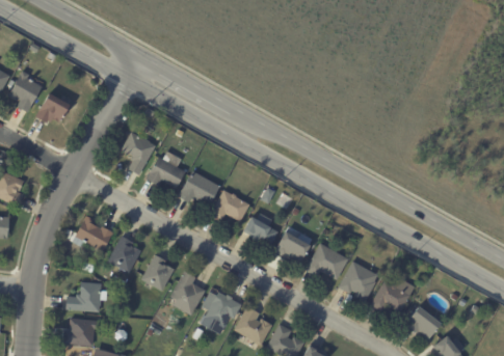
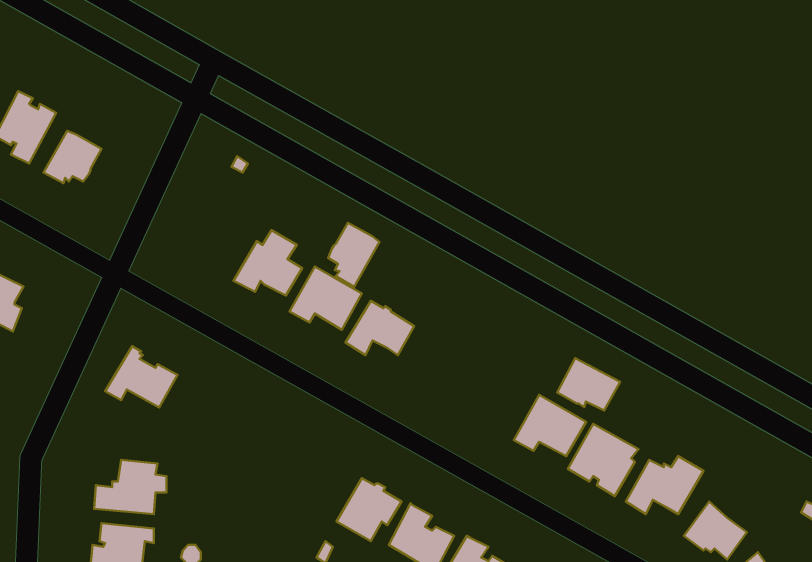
building: [121,131,155,174] -> none
building: none -> [328,223,380,287]
building: [241,213,277,246] -> none
building: [273,231,310,262] -> [557,358,620,411]
building: [106,237,140,273] -> none
building: [140,255,174,291] -> none
building: [169,272,205,316] -> none

